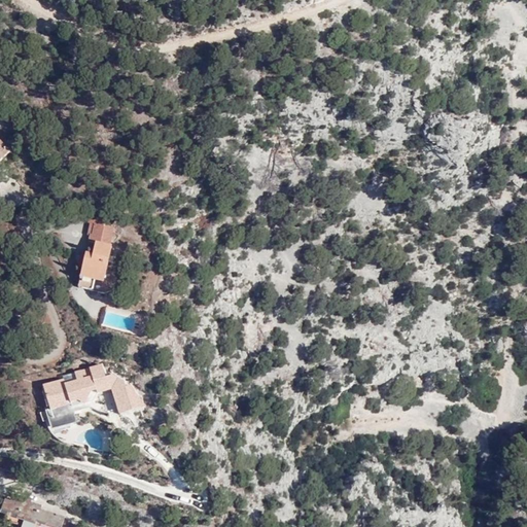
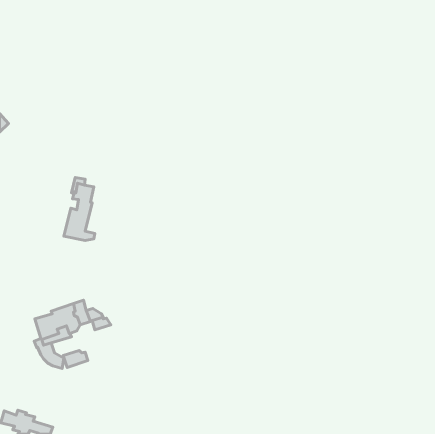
building: [114,392,144,413] -> [63,350,88,367]

